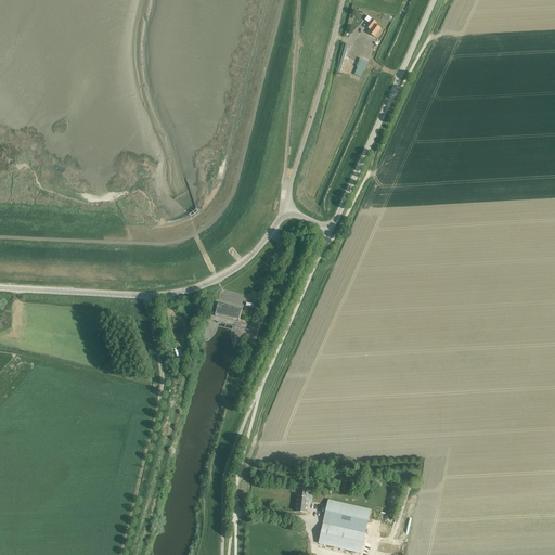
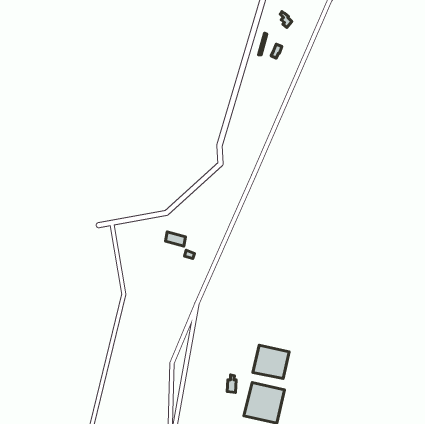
building: none -> [253,345,289,379]

